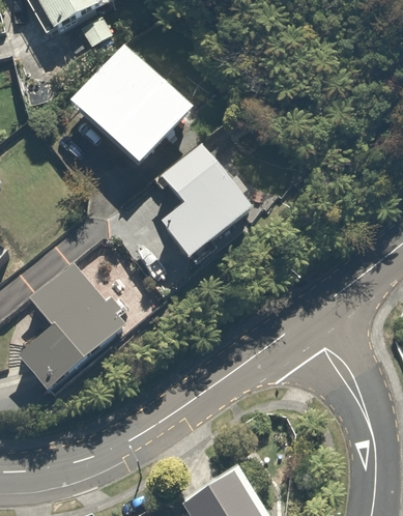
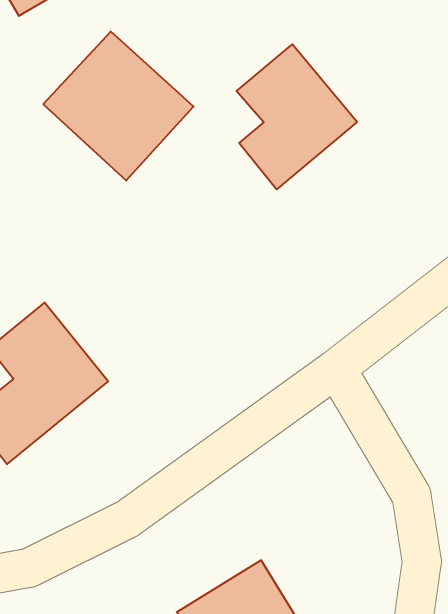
building: [156,141,253,257] -> [237,44,357,189]

